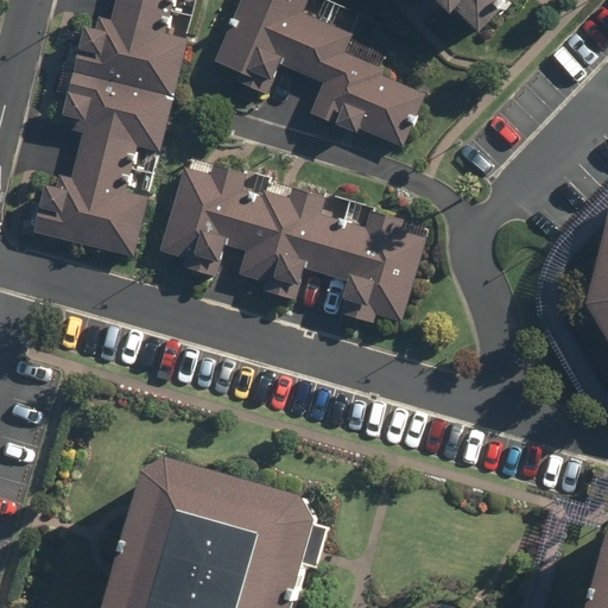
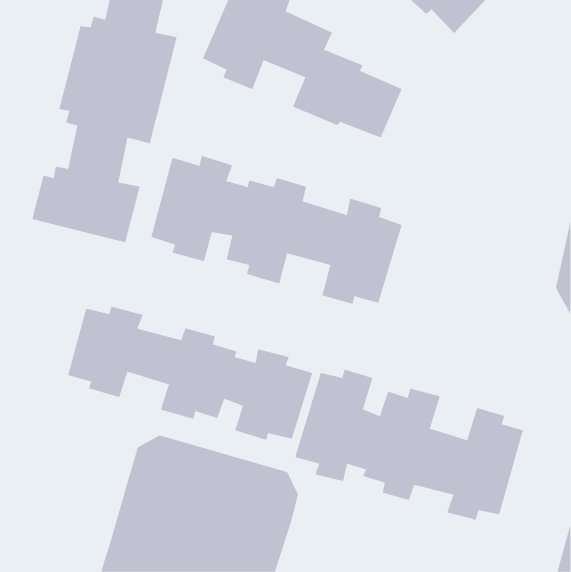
building: none -> [67,306,313,440]
building: none -> [294,369,523,520]

